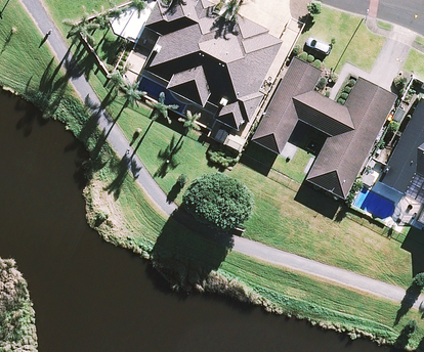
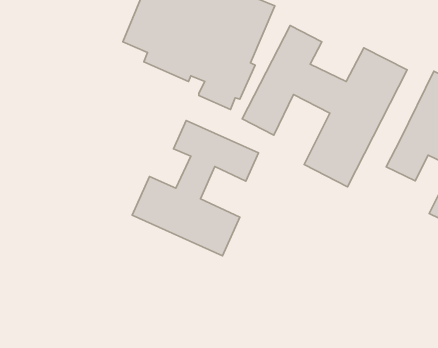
building: none -> [132,121,258,256]

